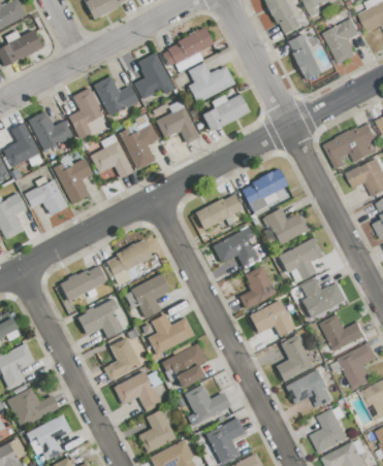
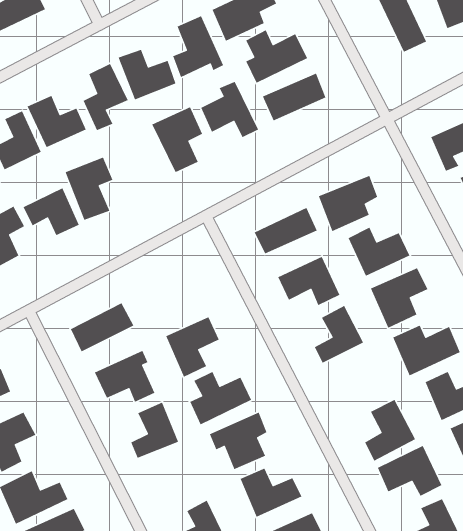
building: [90,136,131,177] -> none
building: [104,242,151,275] -> none
building: [249,301,292,336] -> none
building: [113,372,160,411] -> none

